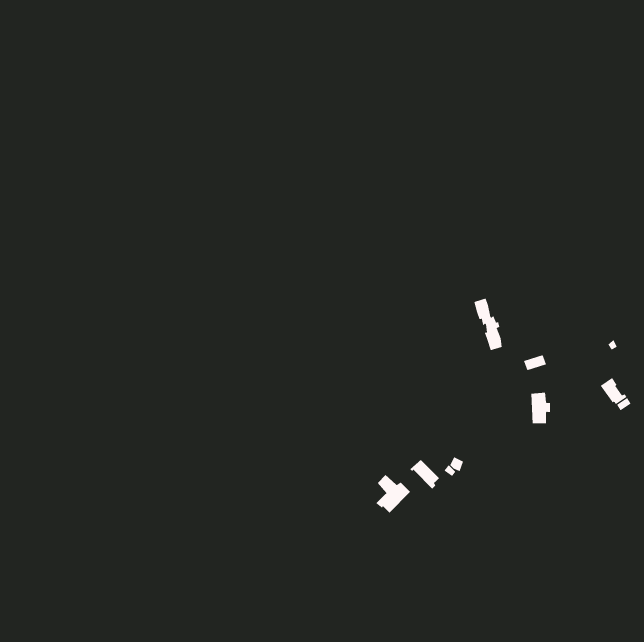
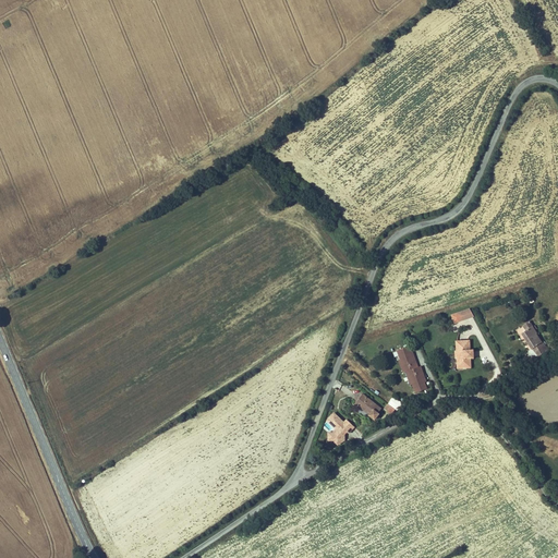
building: [474,298,503,351] -> [399,348,424,393]

